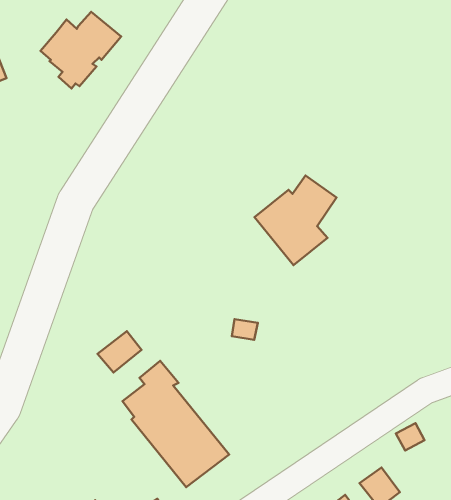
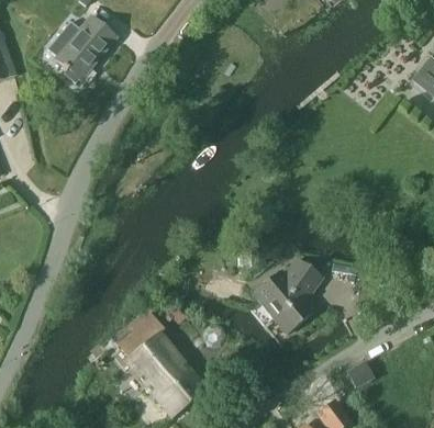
building: [255,175,337,265] -> [251,257,320,333]
building: [98,331,142,372] -> none

